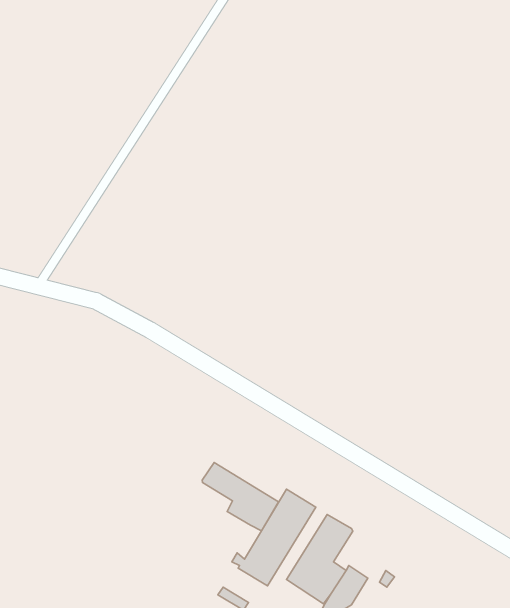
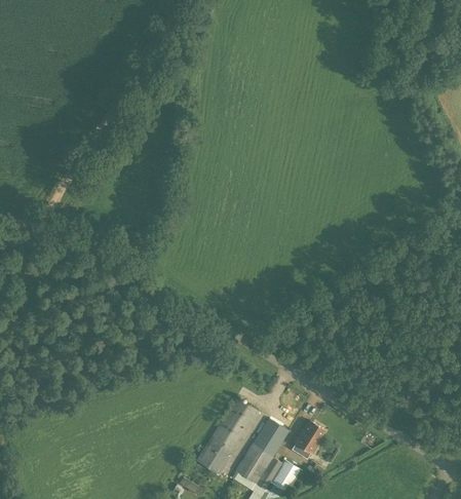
building: [202,462,278,531] -> none
building: none -> [294,421,324,459]

